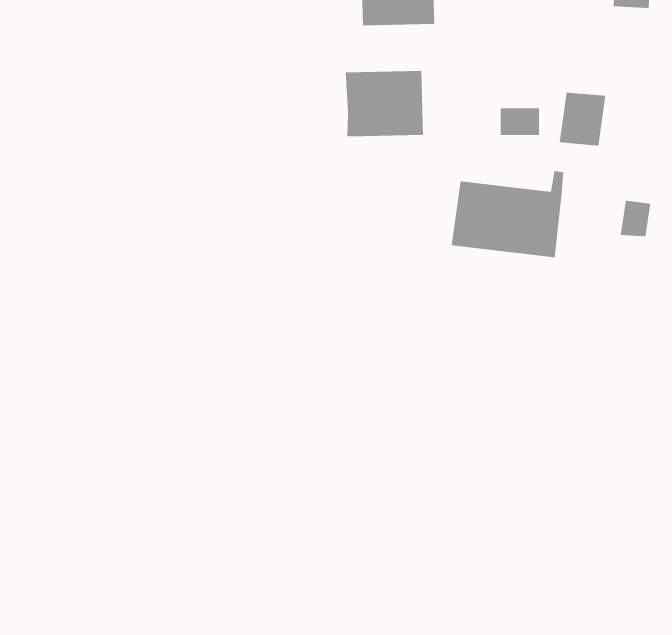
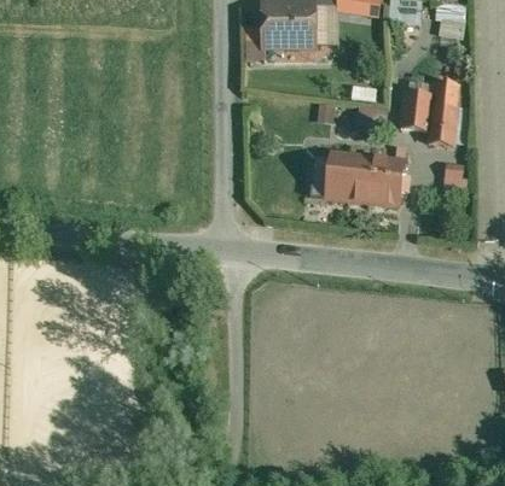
building: [345,70,423,137] -> none
building: none -> [426,81,460,145]

